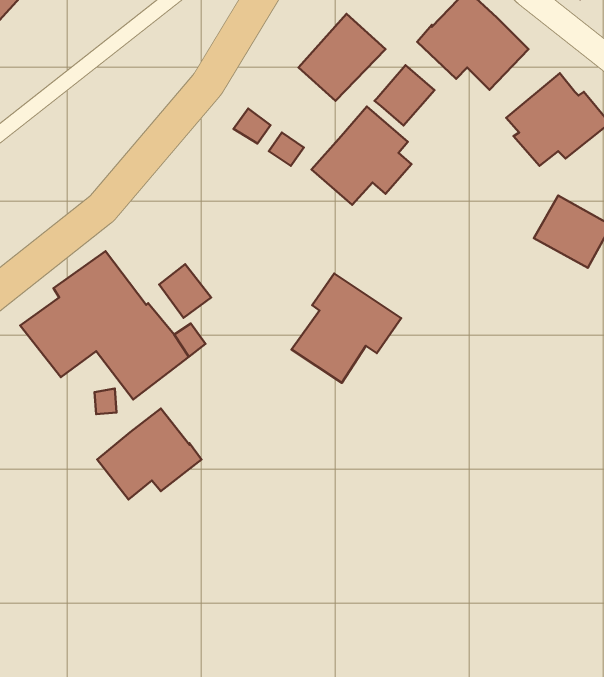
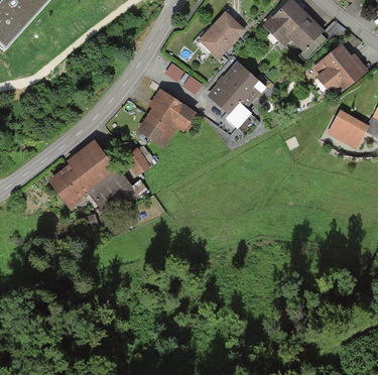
building: [375,65,435,126] -> none
building: [292,274,401,383] -> [137,88,197,147]
building: [97,409,201,499] -> none

